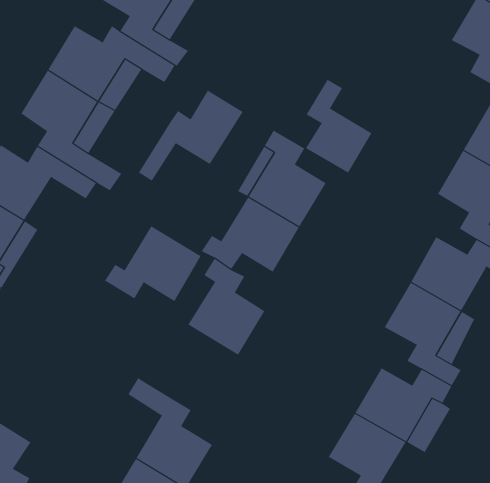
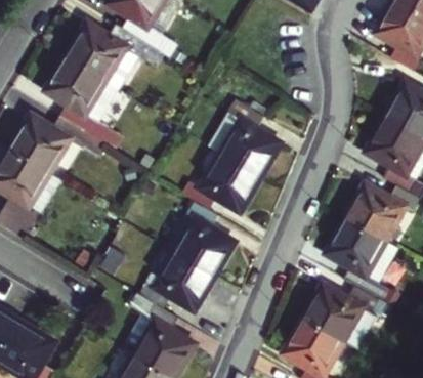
building: [305,79,372,173] -> none
building: [138,89,244,181] -> none
building: [104,226,202,302] -> [138,251,213,309]

